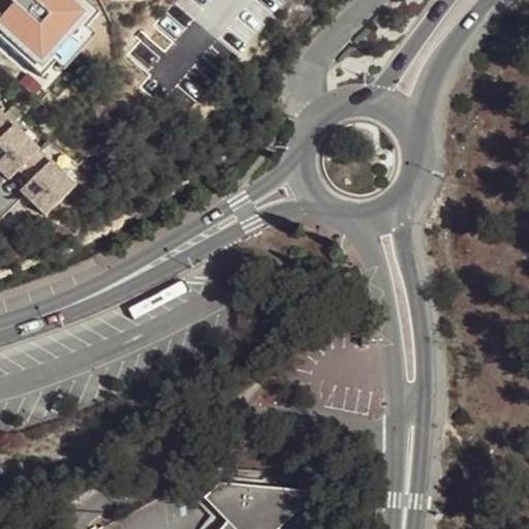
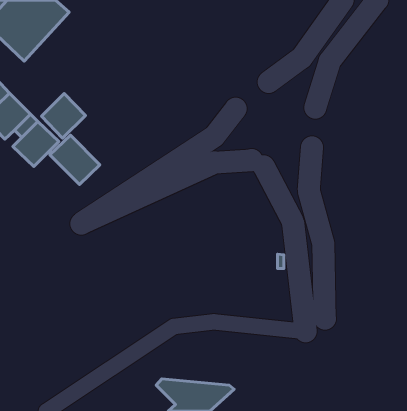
building: none -> [41,94,85,138]
building: none -> [50,135,100,184]

